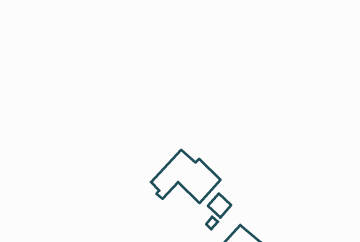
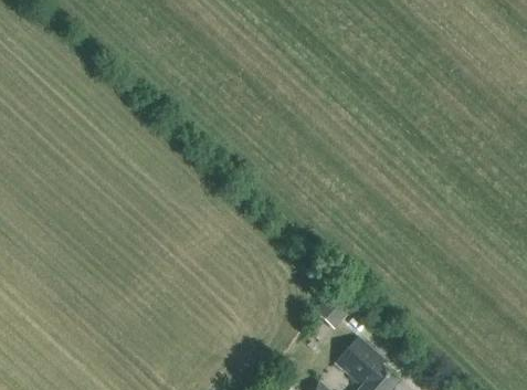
building: [151,150,220,203] -> none

